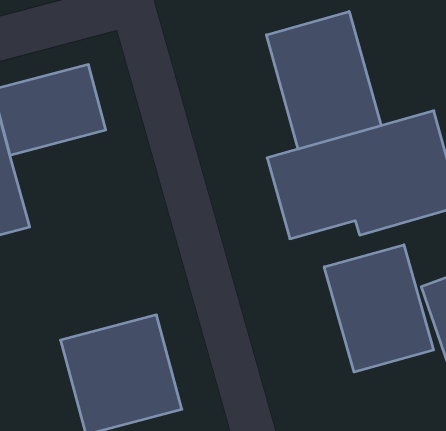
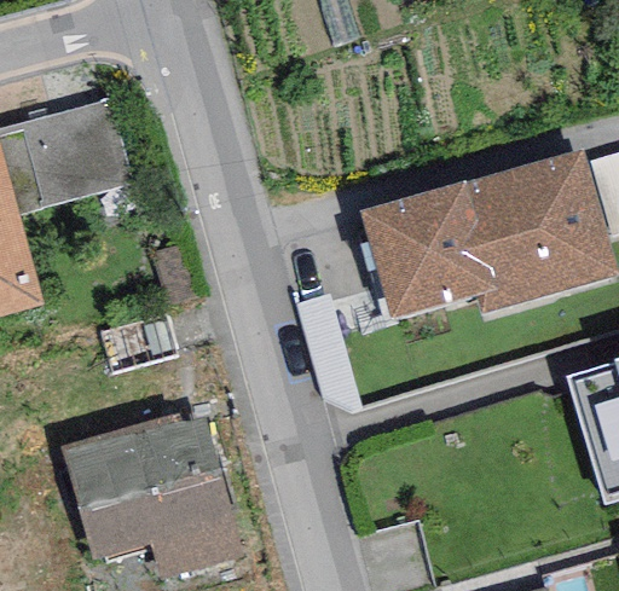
building: [266,11,381,149] -> none
building: [324,245,434,372] -> none

